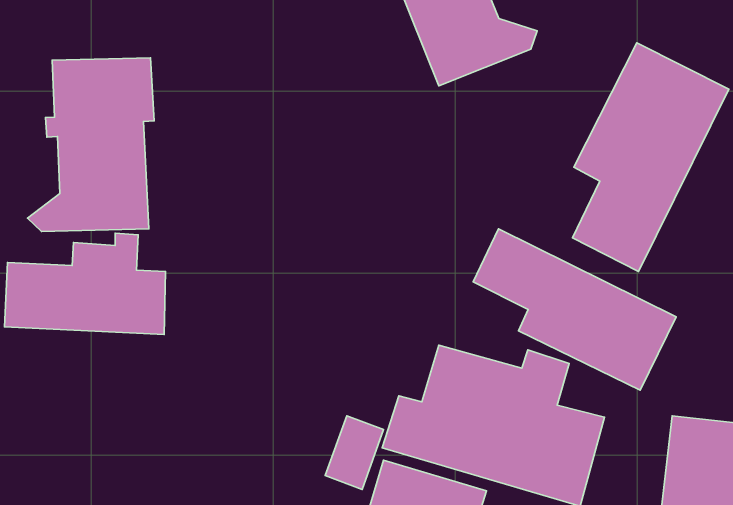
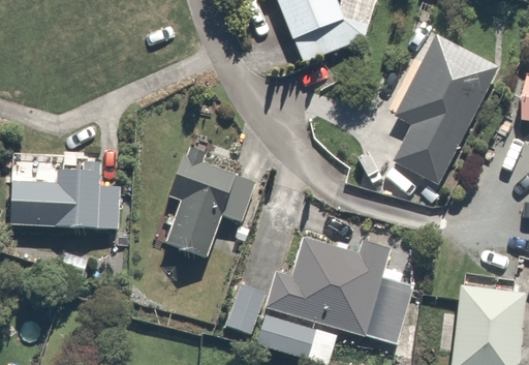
building: [27,58,154,231] -> none
building: none -> [161,155,254,255]
building: [473,229,676,390] -> none

